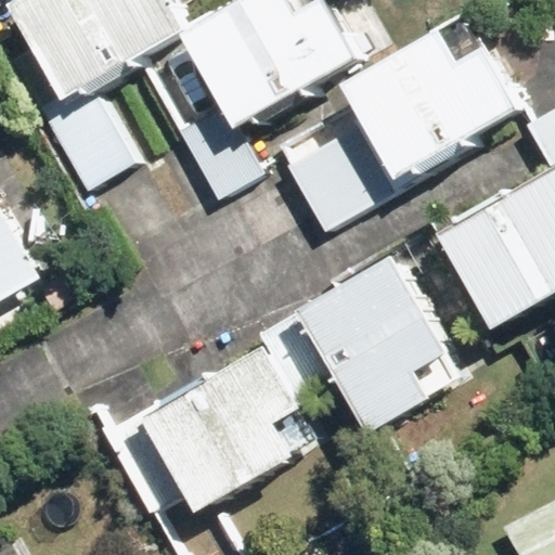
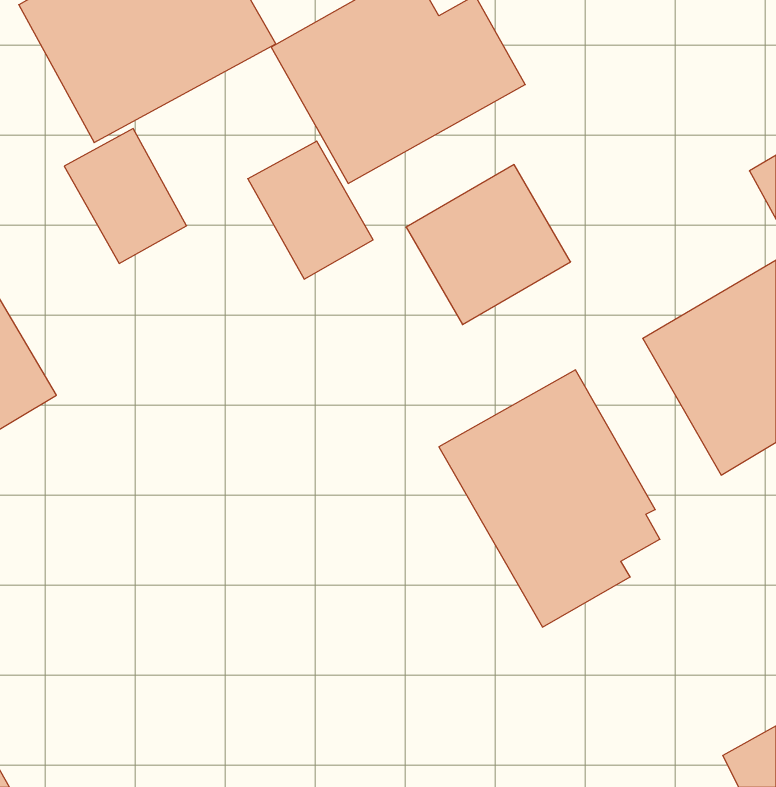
building: [348,18,522,177] -> none
building: [100,344,314,514] -> none

